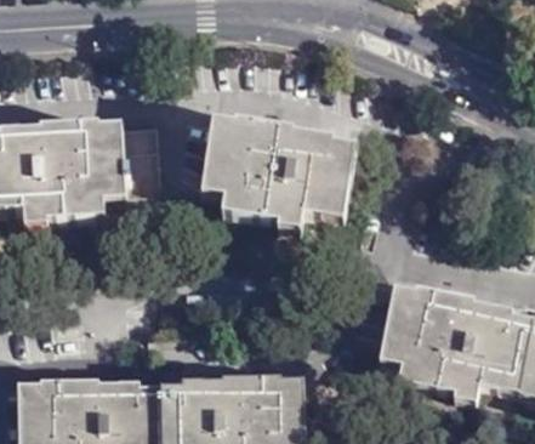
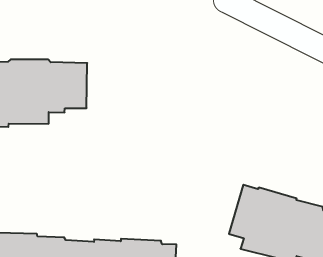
building: [200,119,354,227] -> none

